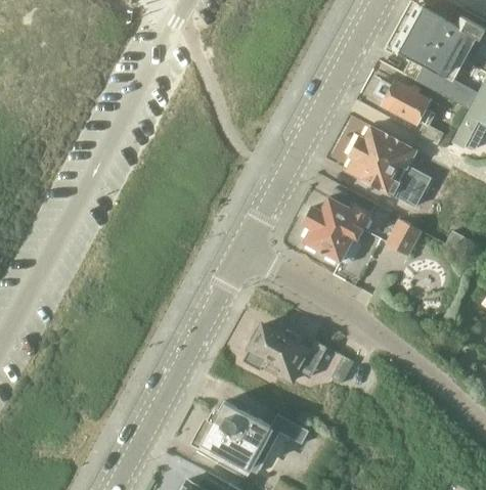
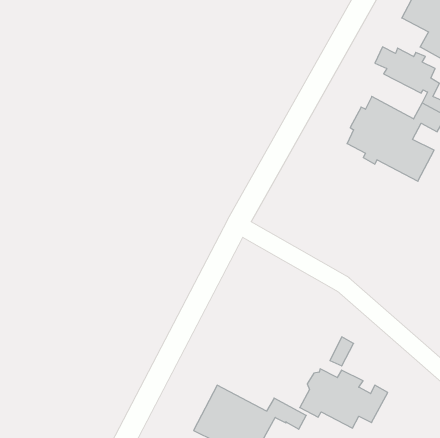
building: [305,197,373,264] -> none
building: [388,221,423,257] -> none
building: [242,325,326,382] -> [300,369,388,428]

